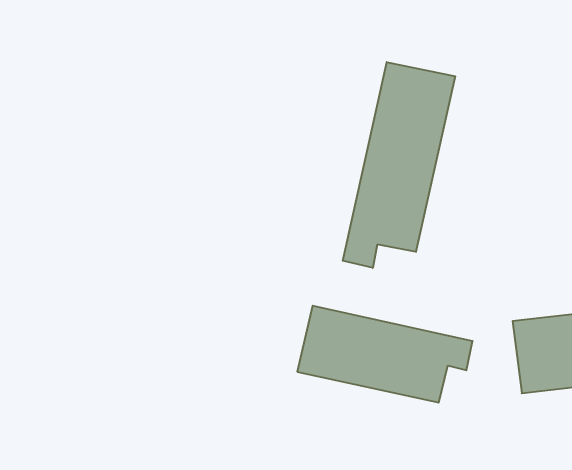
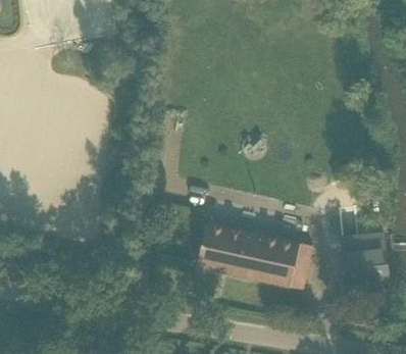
building: [343,62,455,268] -> none

